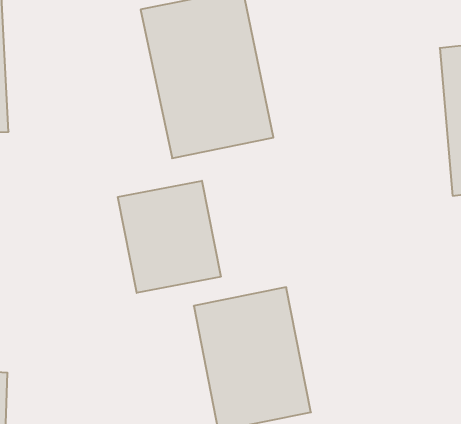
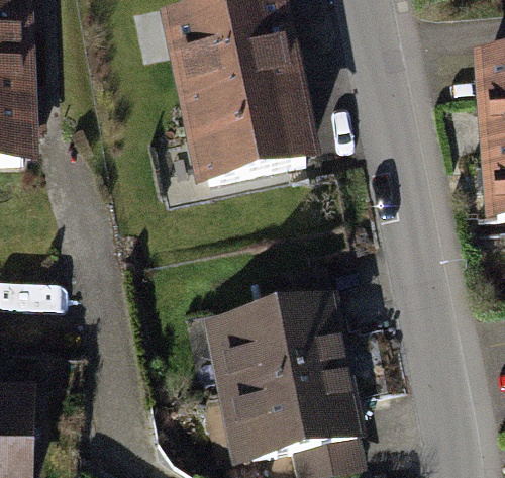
building: [118,181,221,293] -> none

